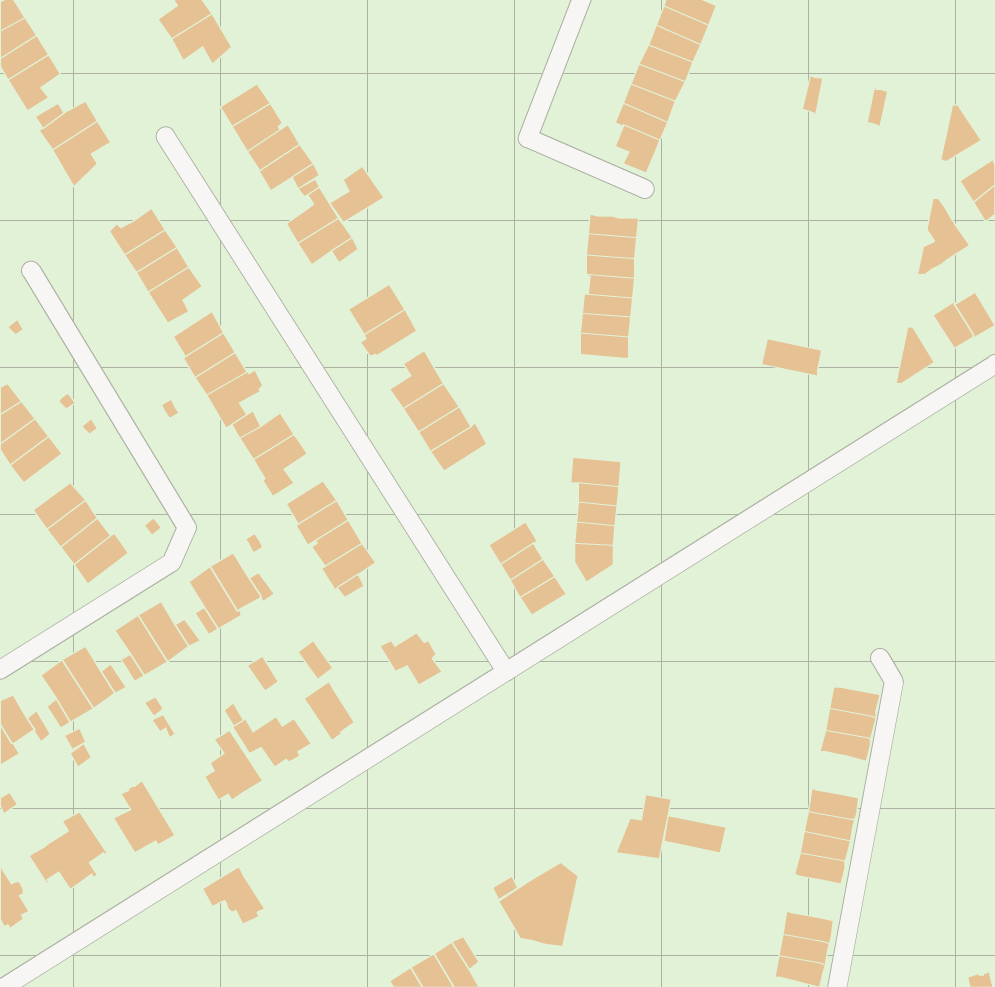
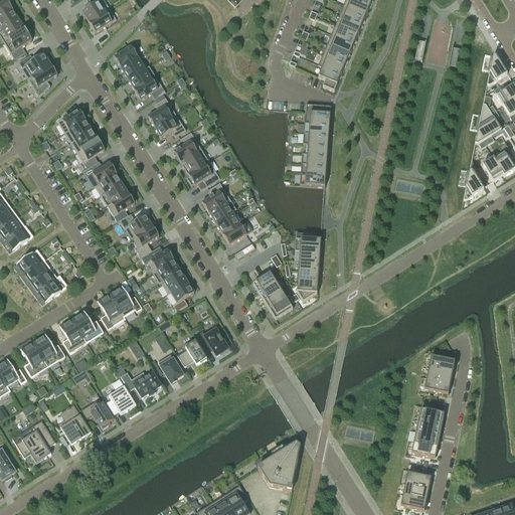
building: [330,166,384,223] -> [173,131,201,160]
building: none -> [177,337,206,365]
building: [616,794,671,859] -> none
building: [203,868,265,924] -> [80,397,113,426]

